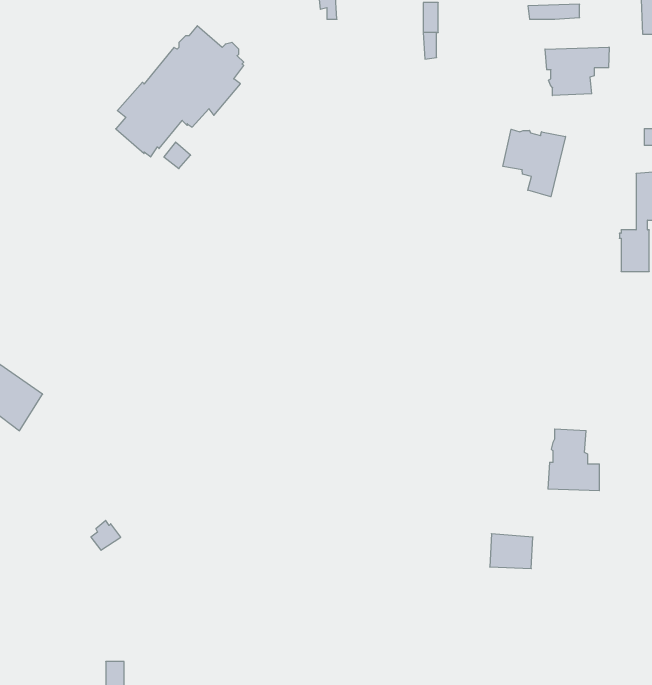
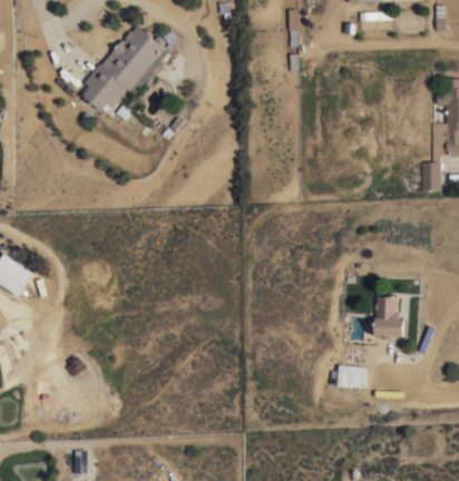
building: [545,47,609,96] -> none
building: [503,129,565,197] -> none

